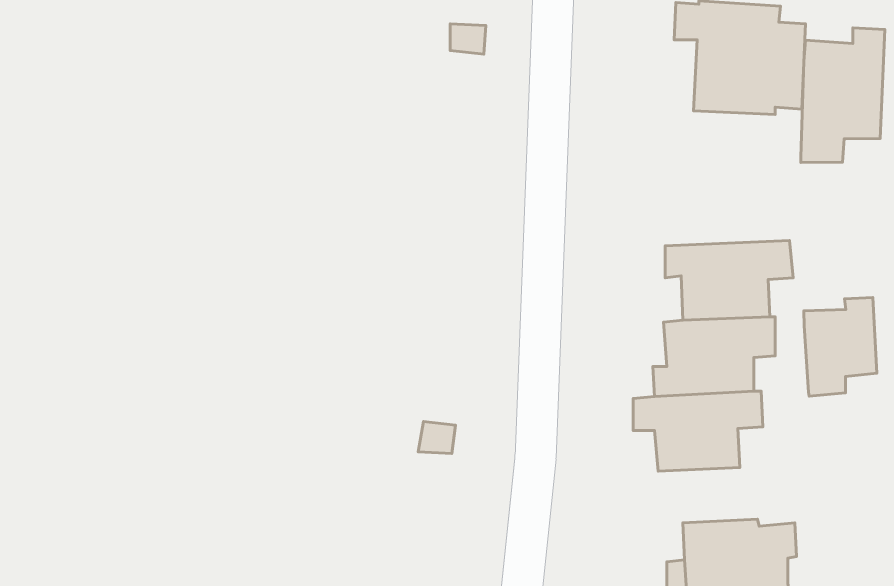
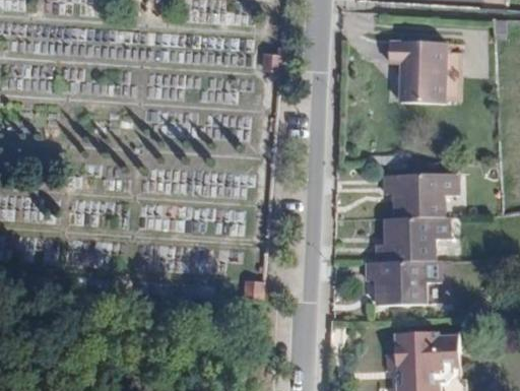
building: [801,28,885,163] -> none
building: [804,297,877,396] -> none

